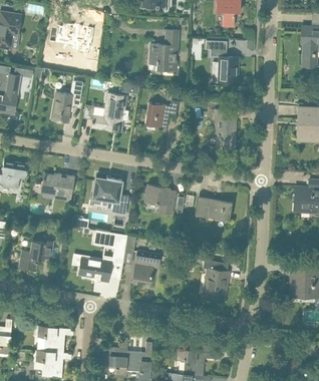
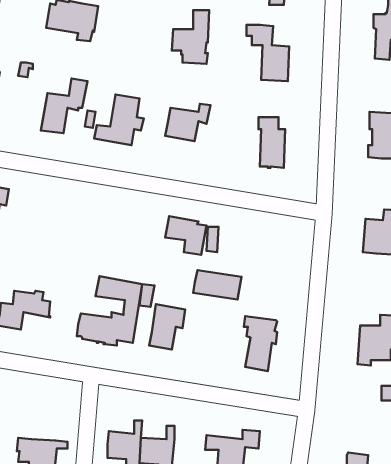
building: [42,173,73,201] -> none
building: [92,177,128,214] -> none
building: [196,198,232,220] -> [193,270,241,300]
building: [35,326,64,353] -> none

